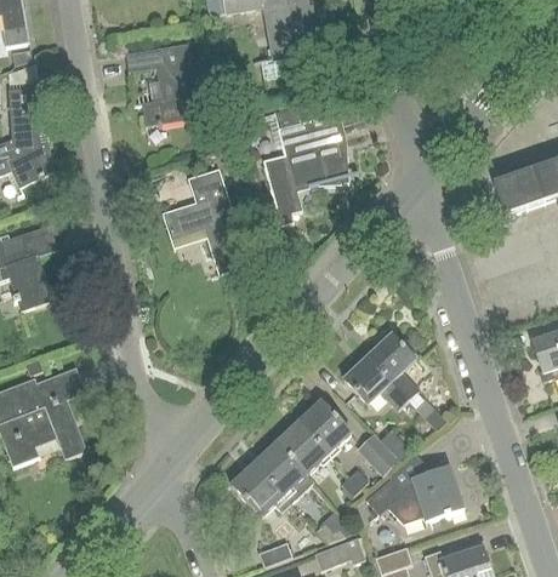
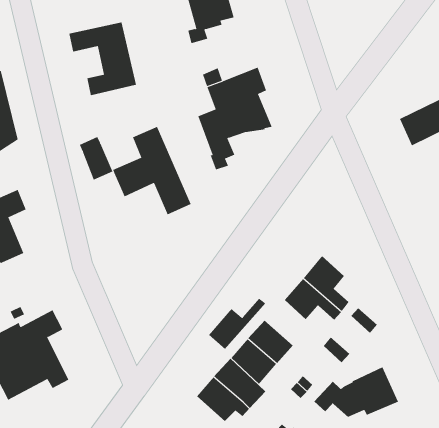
building: none -> [79,136,113,180]
building: none -> [208,298,266,350]
building: [358,435,399,475] -> none

